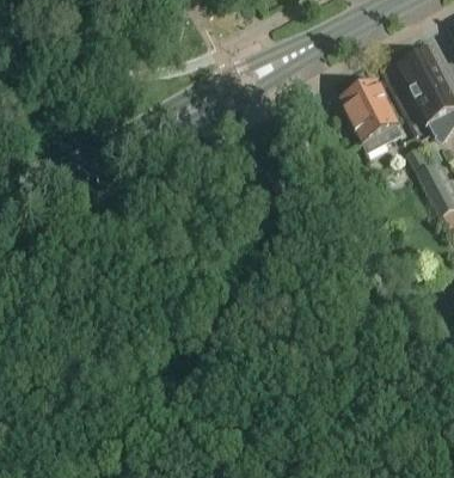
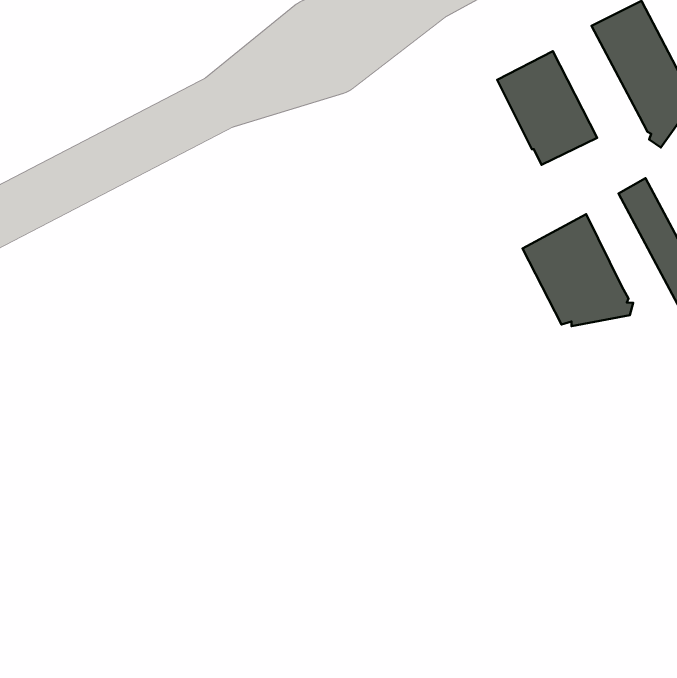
building: none -> [523,214,633,326]

